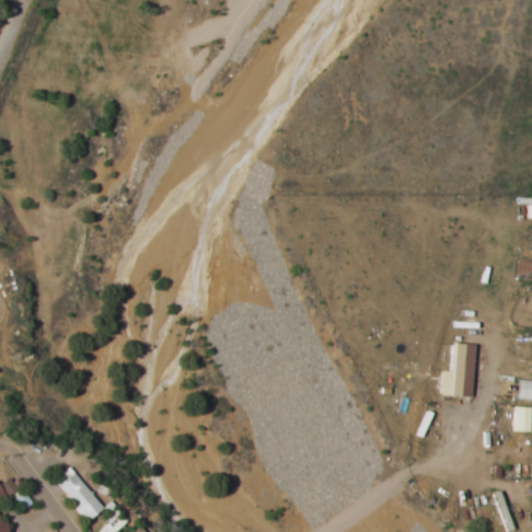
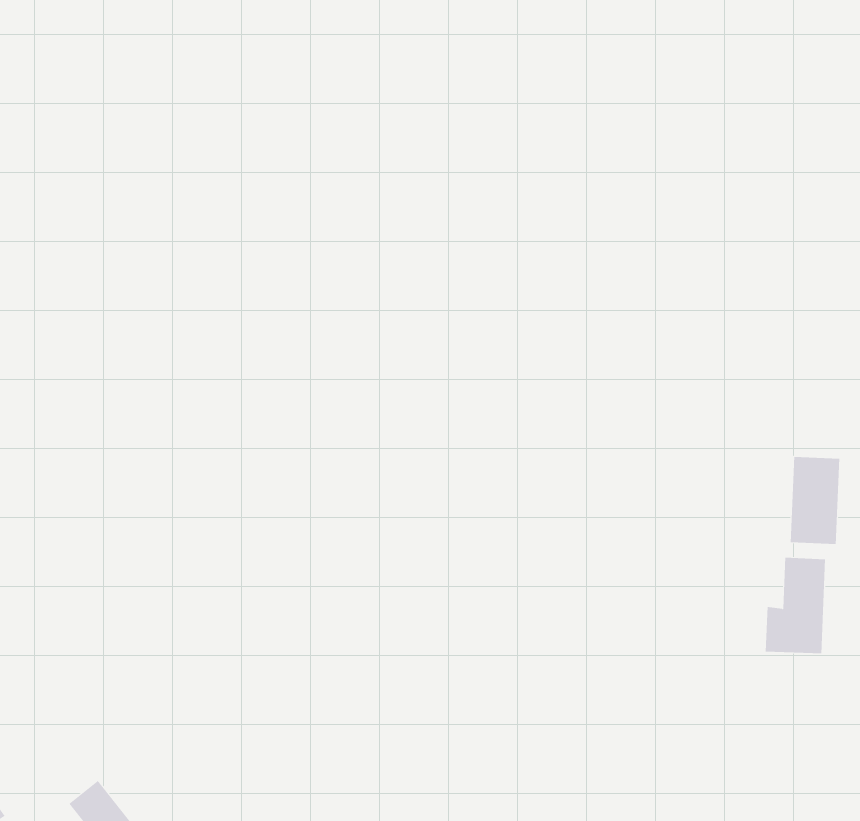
building: none -> [790,456,840,545]

